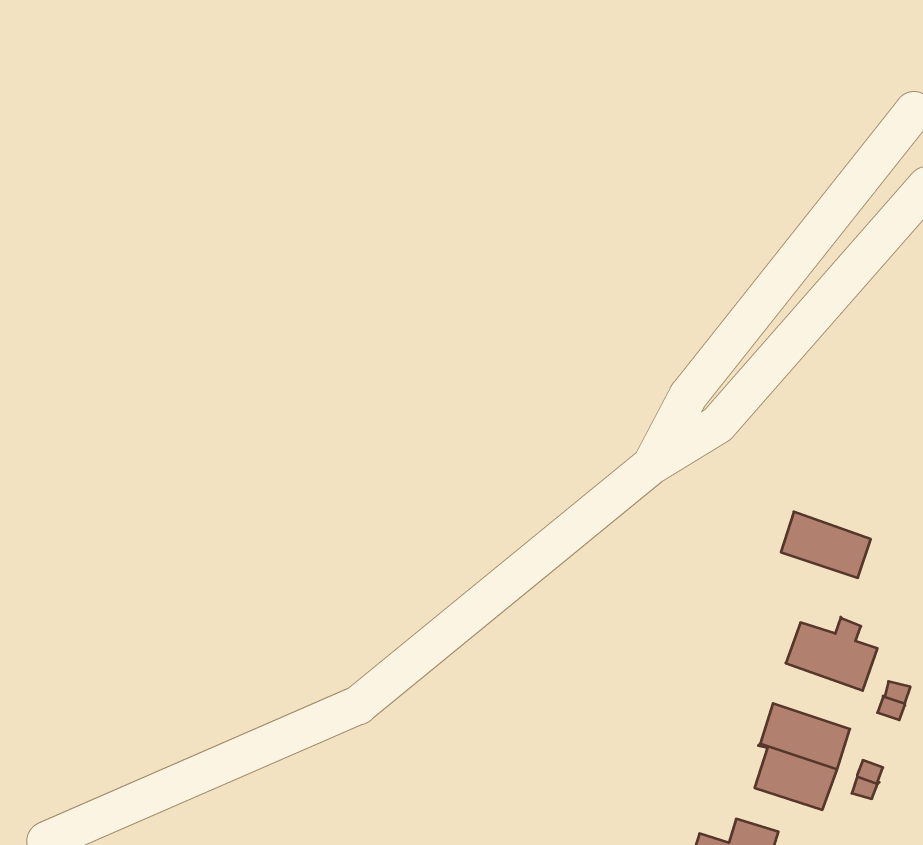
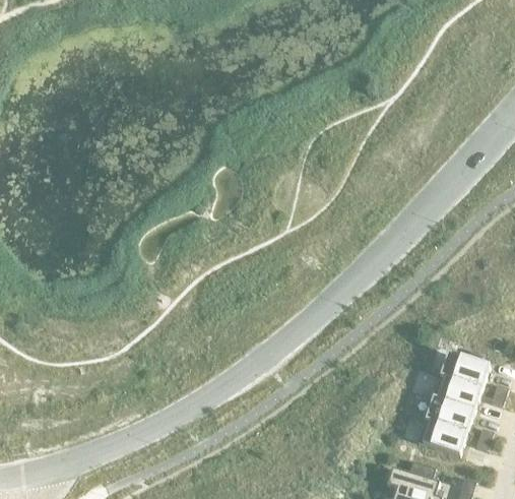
building: [781,512,871,578] -> [431,375,480,412]

